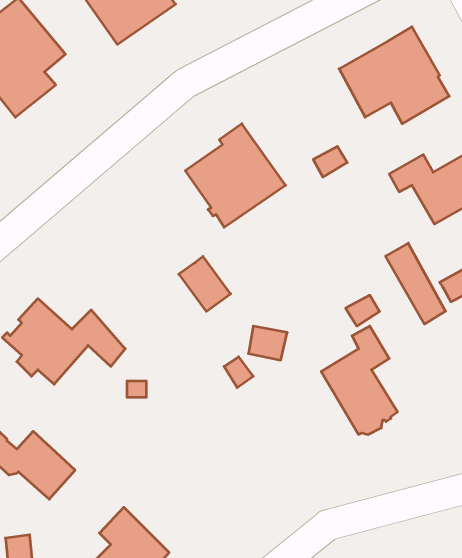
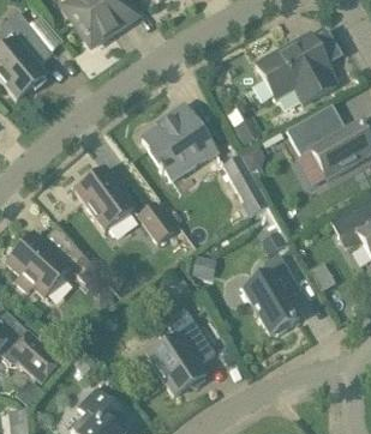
building: none -> [76,167,136,230]
building: [386,243,446,324] -> [225,155,269,215]
building: none -> [149,307,216,394]

